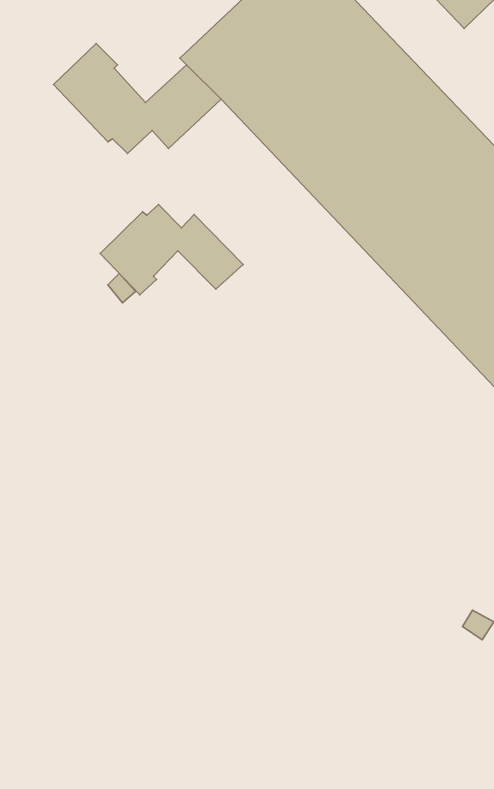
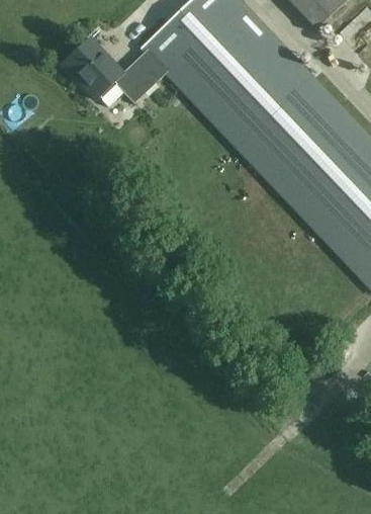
building: [100,205,243,295] -> none

